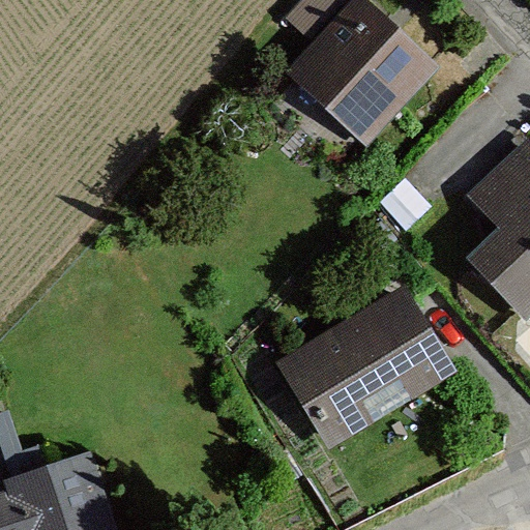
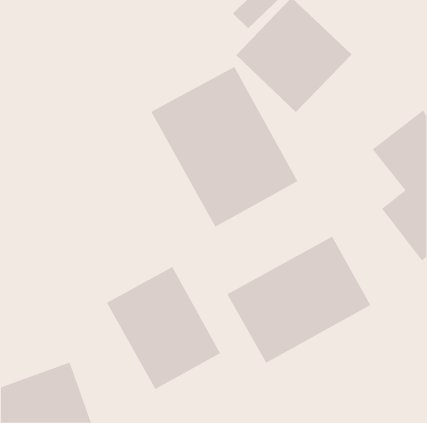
building: none -> [151,66,298,228]
building: none -> [106,266,221,390]

